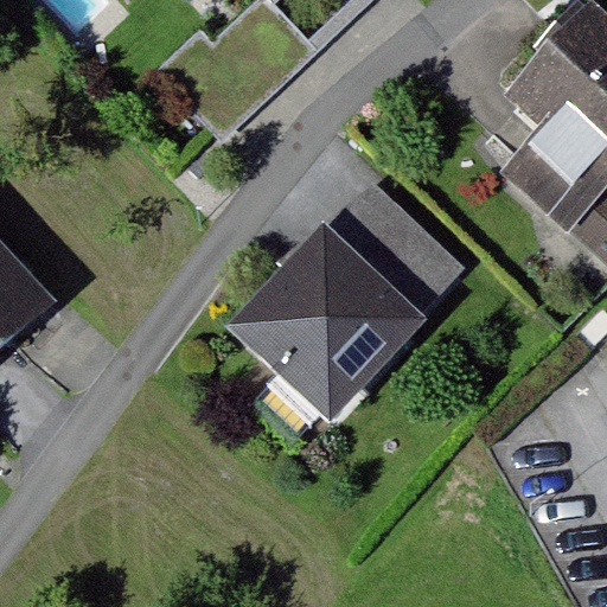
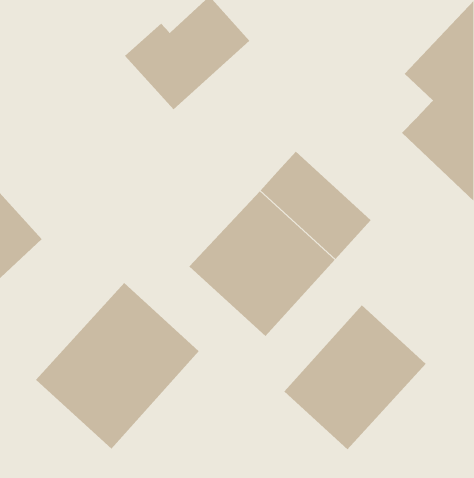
building: none -> [35,282,199,450]
building: none -> [284,304,427,450]

